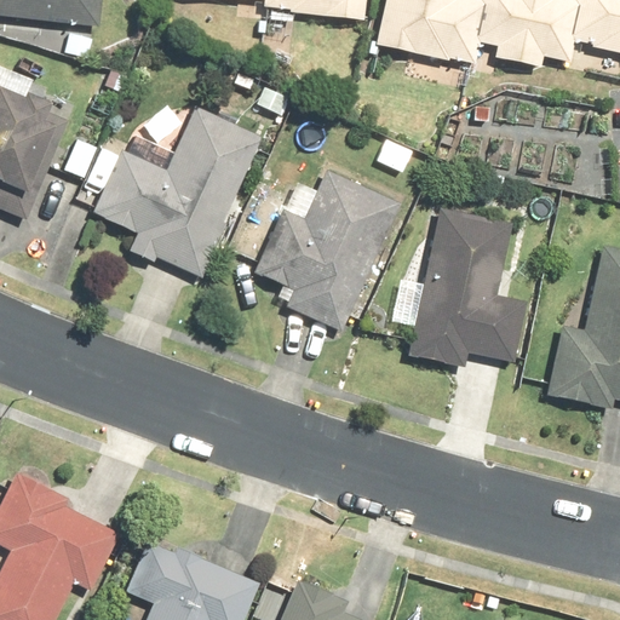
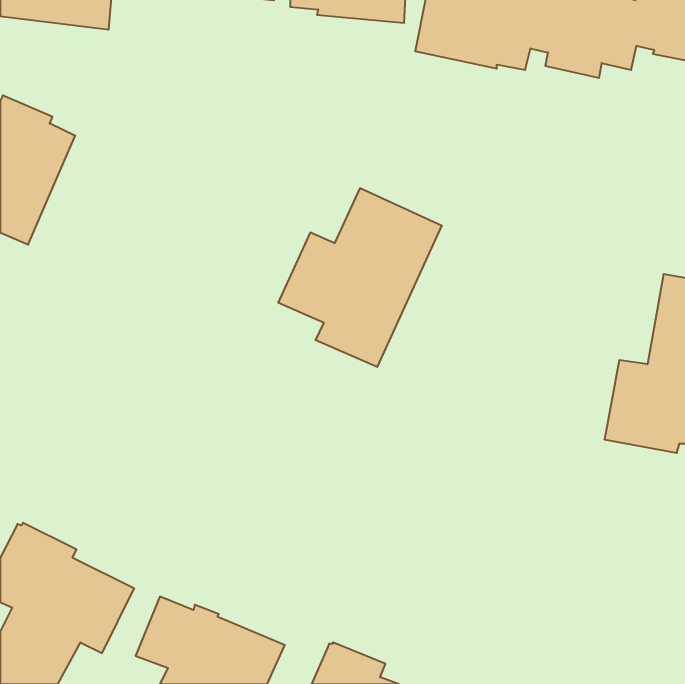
building: [91,107,264,277] -> none
building: [408,207,526,366] -> none

